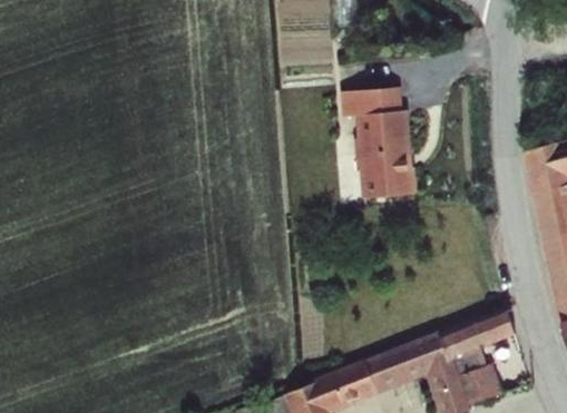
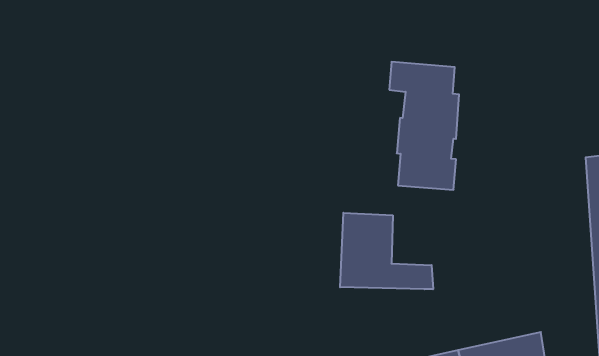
building: none -> [340,213,433,289]

